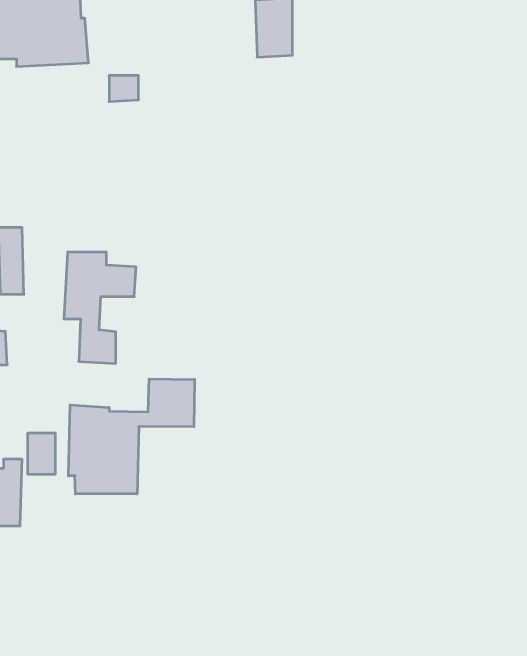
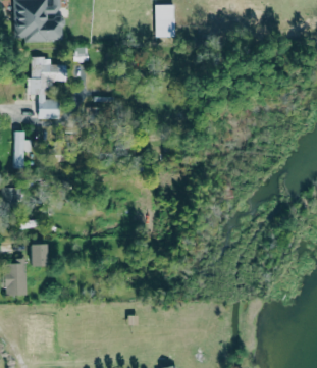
building: [64,252,136,363] -> [29,57,68,118]
building: [68,379,195,494] -> none

